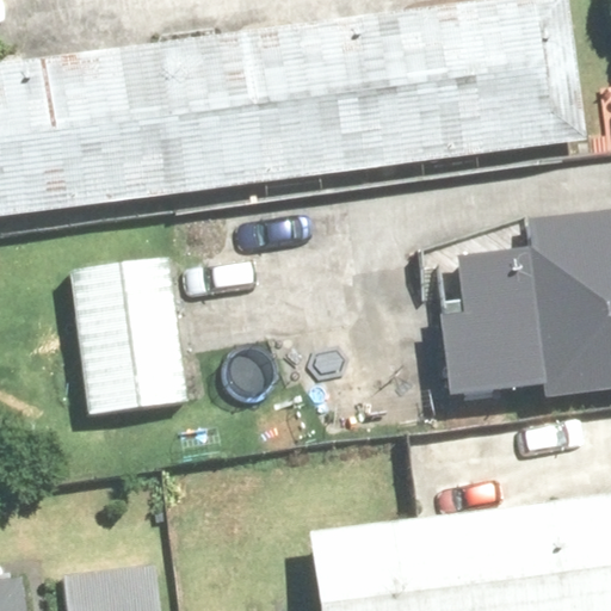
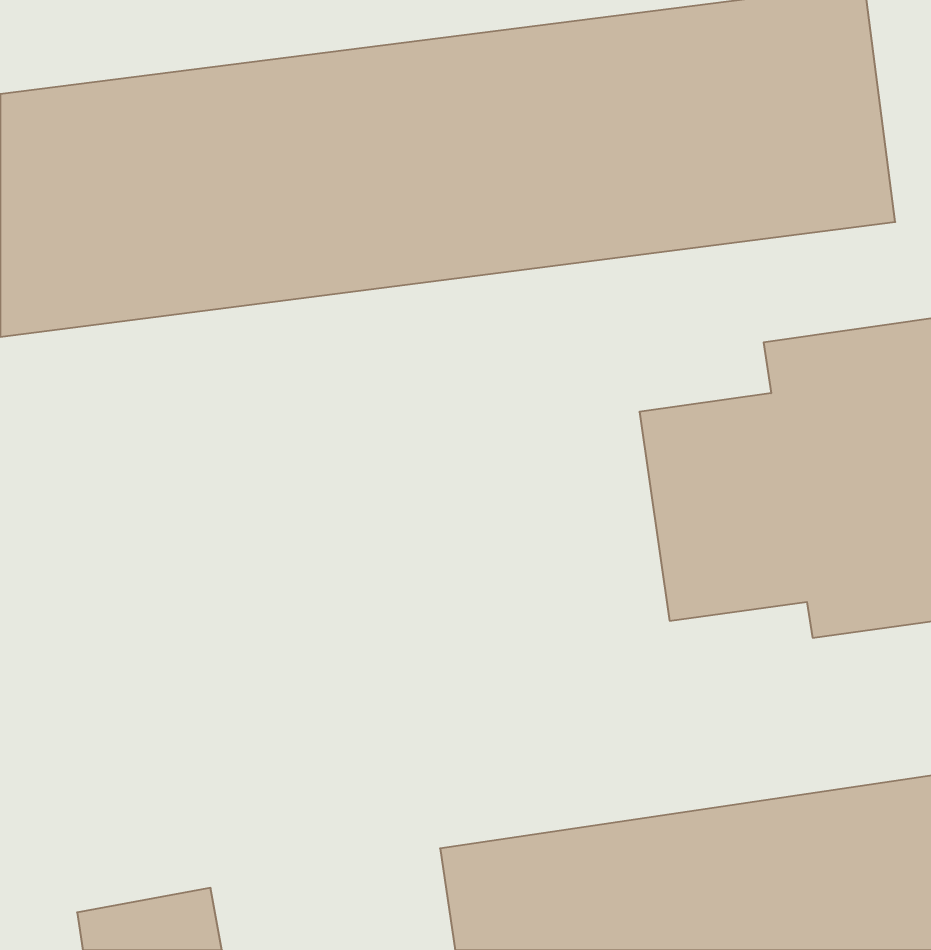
building: [63,257,196,420] -> none

